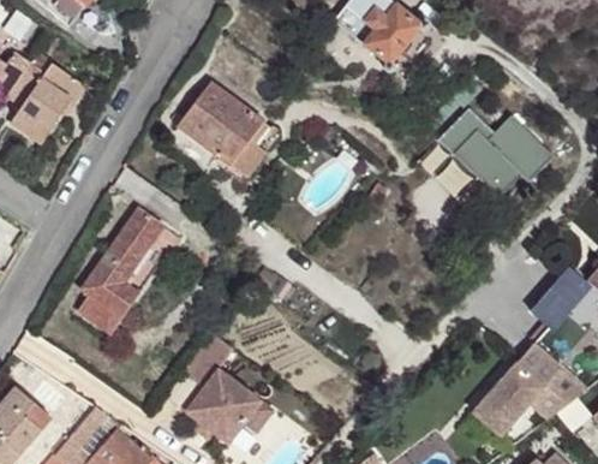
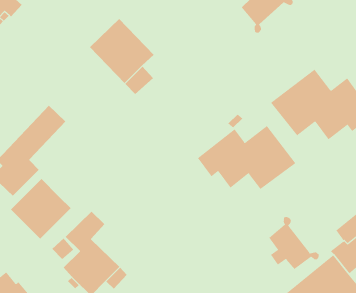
building: none -> [197,125,296,190]
building: none -> [269,216,319,270]
building: none -> [10,178,72,240]

